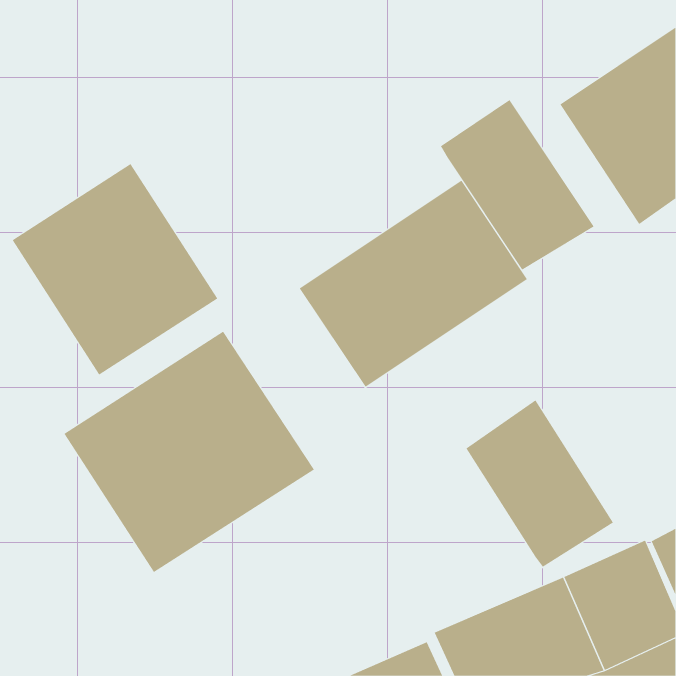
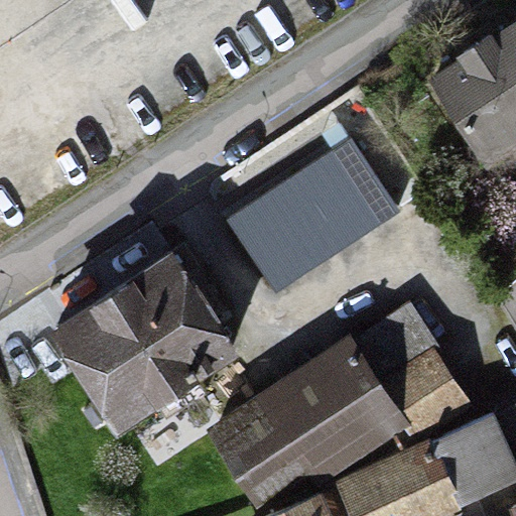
building: [440,99,594,270] -> none
building: [12,163,218,375] -> none
building: none -> [206,335,407,508]

